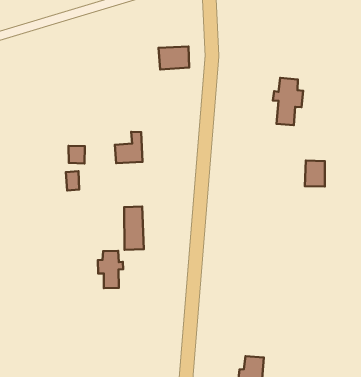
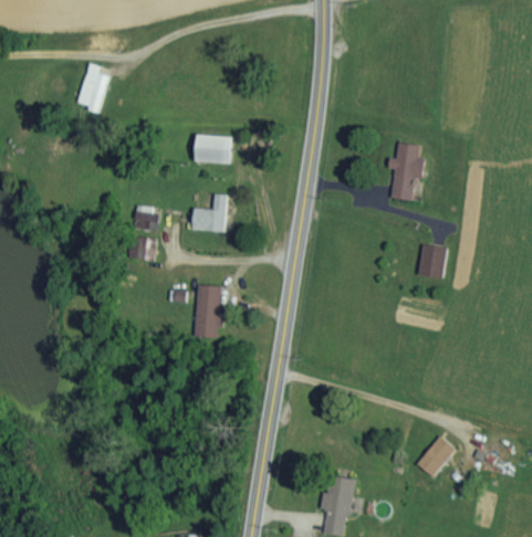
building: none -> [79,62,109,113]
building: [158,47,189,70] -> [195,135,231,161]
building: [98,251,123,288] -> none
building: none -> [416,435,456,476]

